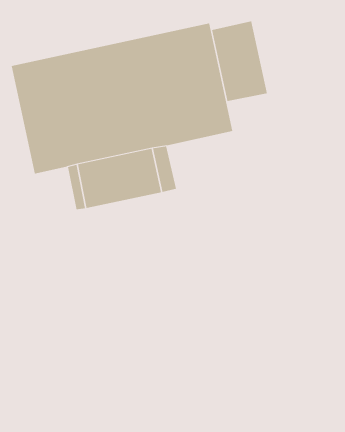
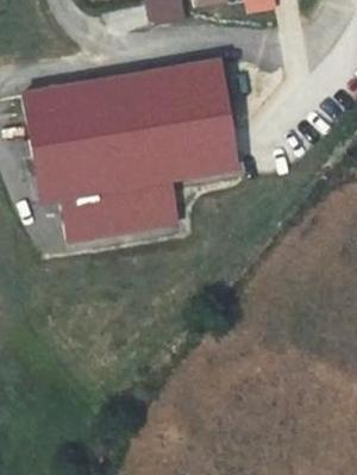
building: [212,20,267,102] -> none

